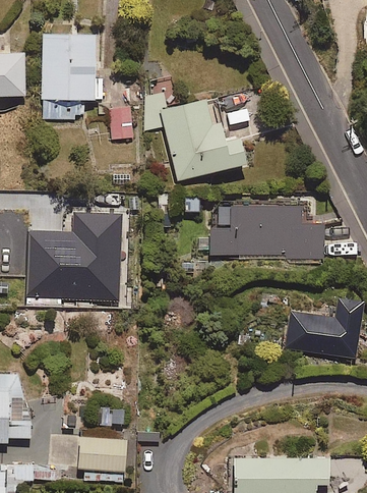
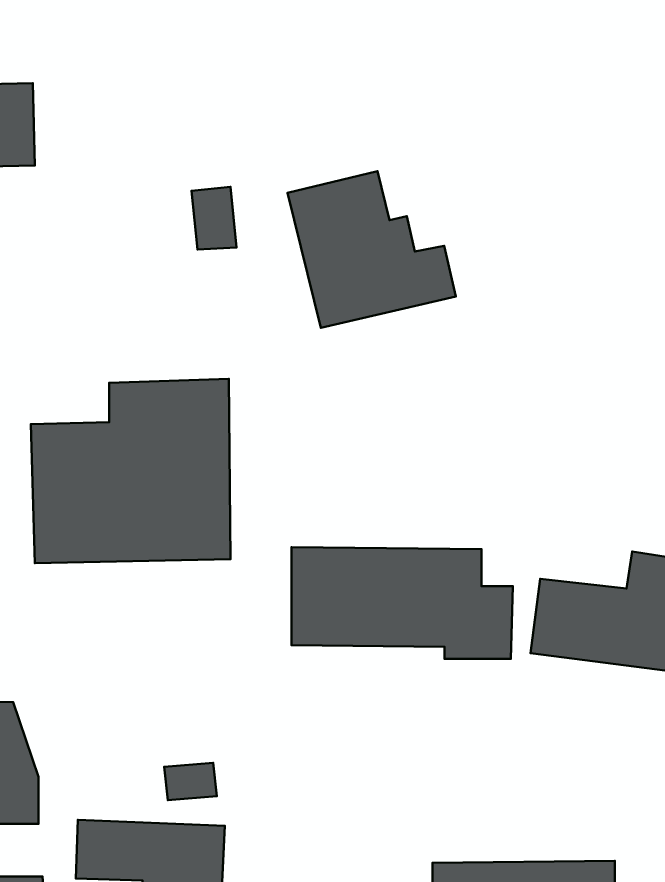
building: [41,32,105,119] -> none
building: [209,204,324,262] -> [292,547,513,659]

